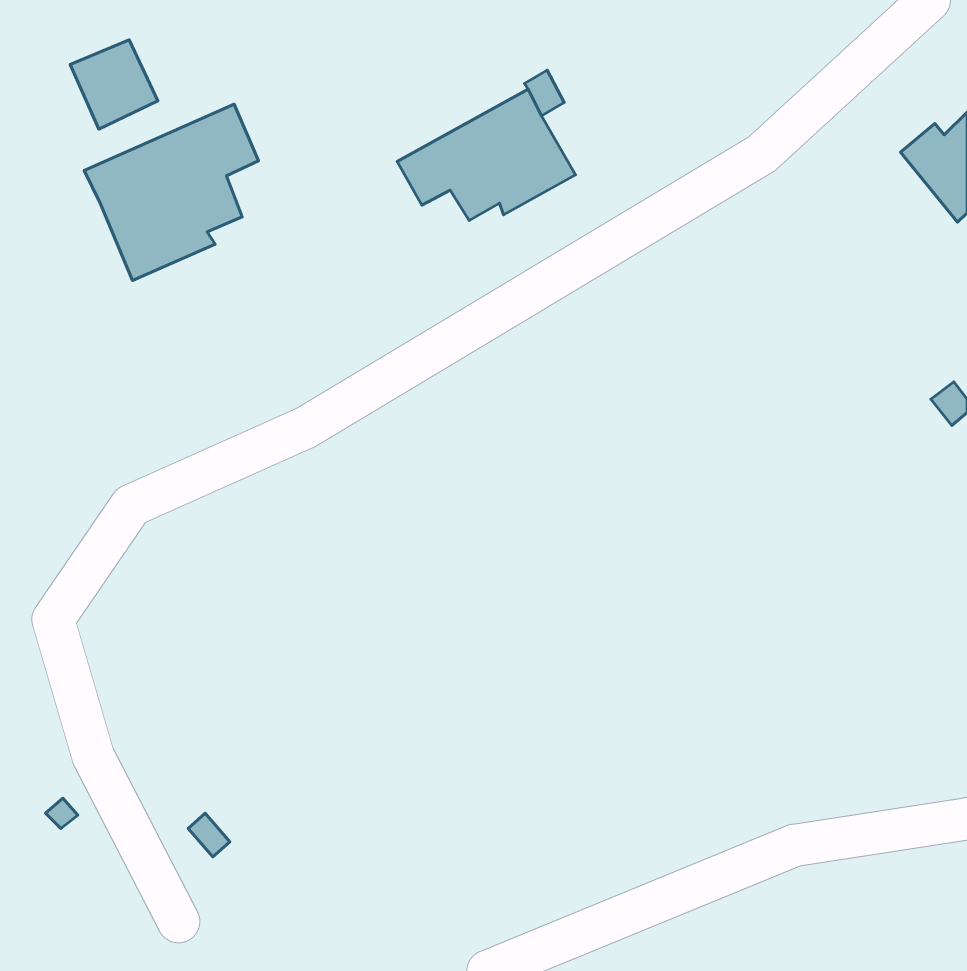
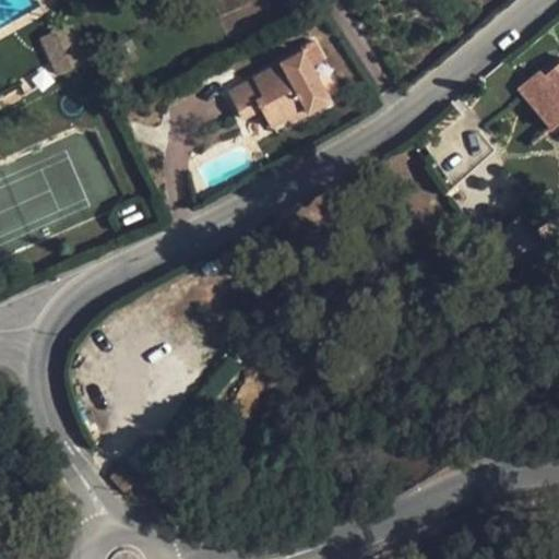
building: [84,104,259,281] -> none

